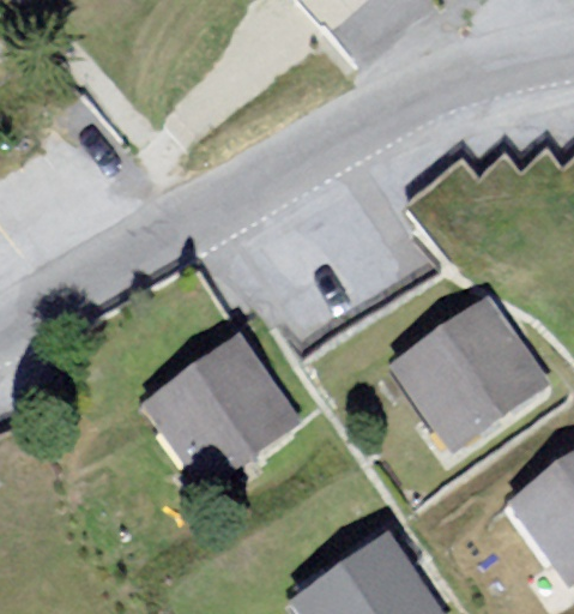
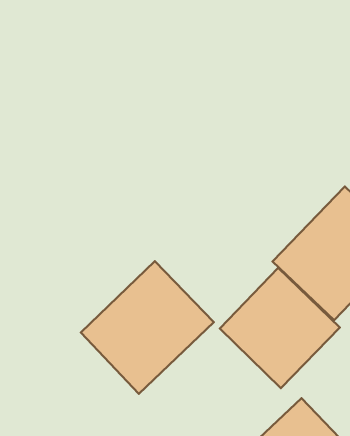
building: none -> [220,268,340,388]

